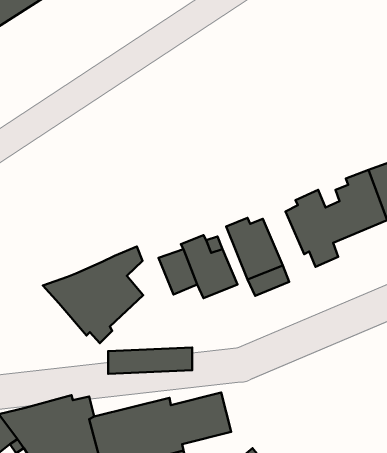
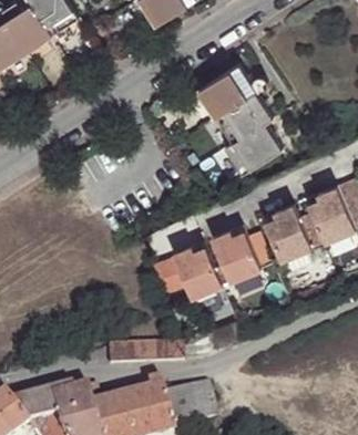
building: none -> [198,62,282,172]
building: [43,247,143,343] -> none

